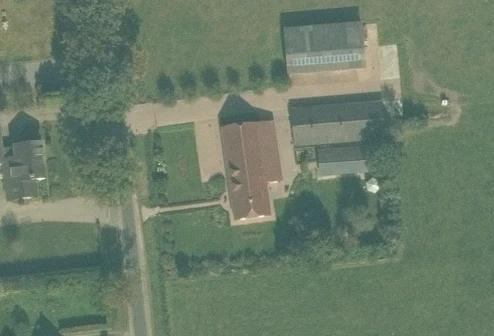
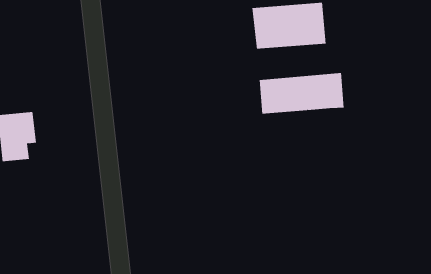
building: [220,119,282,218] -> none
building: [331,144,375,168] -> none

